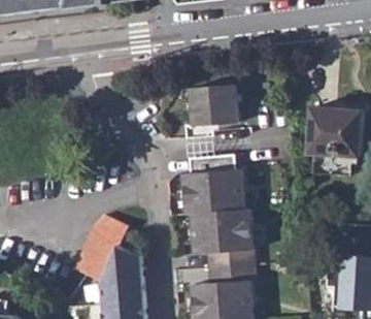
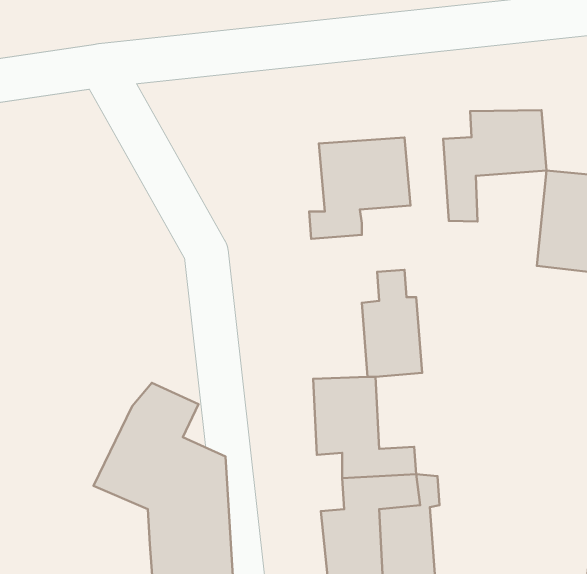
building: none -> [443,110,546,221]
building: [182,157,225,215] -> none
building: [223,211,256,265] -> none

